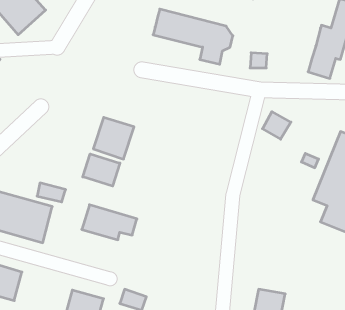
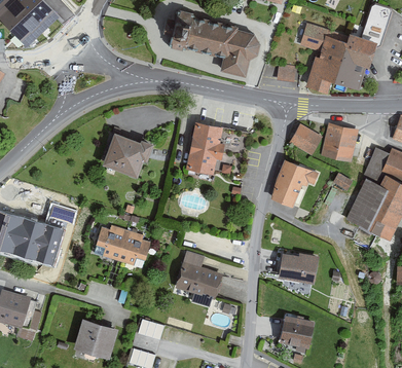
building: none -> [298,22,352,91]
building: none -> [187,122,224,175]
building: none -> [320,122,359,163]
building: none -> [270,160,318,207]
building: [83,154,120,186] -> none
building: none -> [176,250,223,298]
building: none -> [280,252,320,283]

